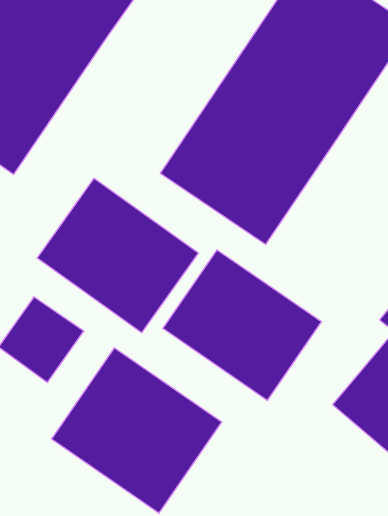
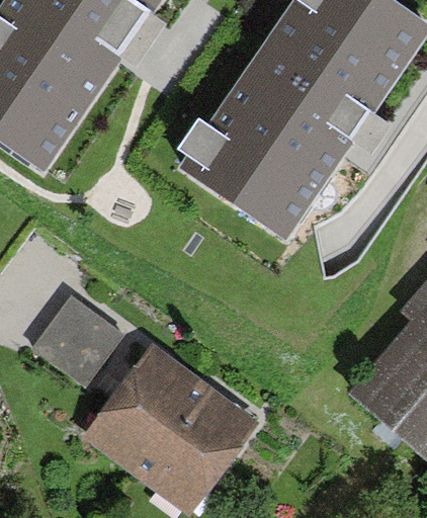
building: [37,178,198,333] -> none
building: [163,250,322,401] -> none

